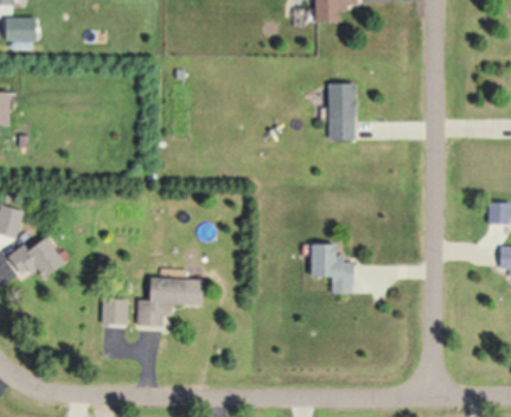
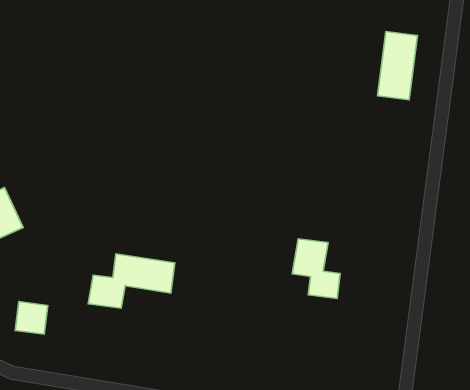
building: [328,82,357,140] -> [378,32,417,100]
building: [101,299,127,325] -> [15,302,48,334]

